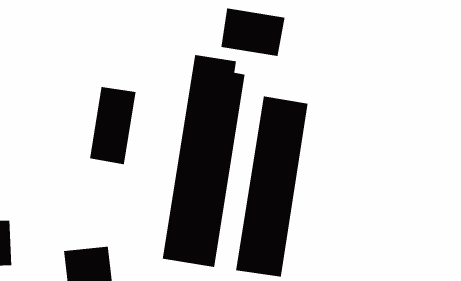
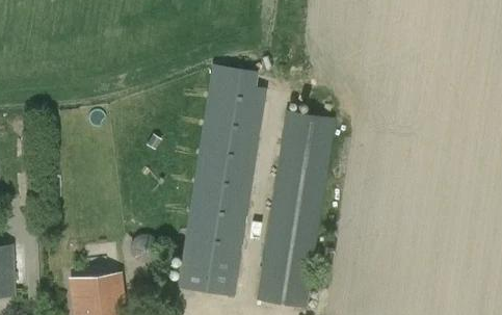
building: [220,8,285,57] -> none
building: [89,86,136,165] -> none

